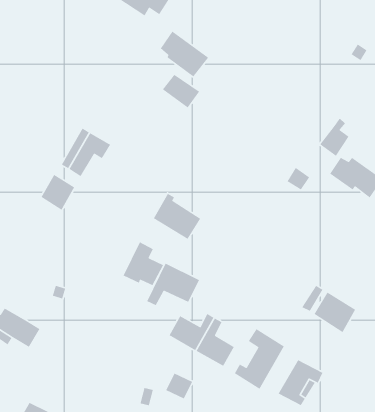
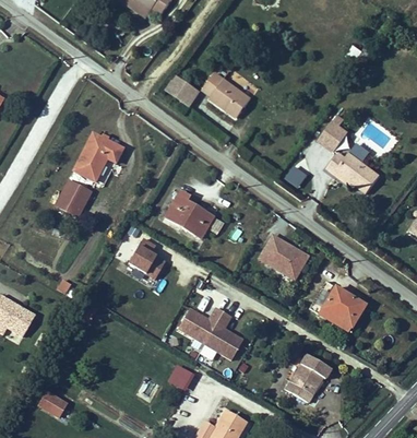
building: [160,30,209,78] -> [211,73,259,119]
building: none -> [263,236,317,282]
building: [146,263,200,306] -> none
building: [234,328,285,390] -> none

